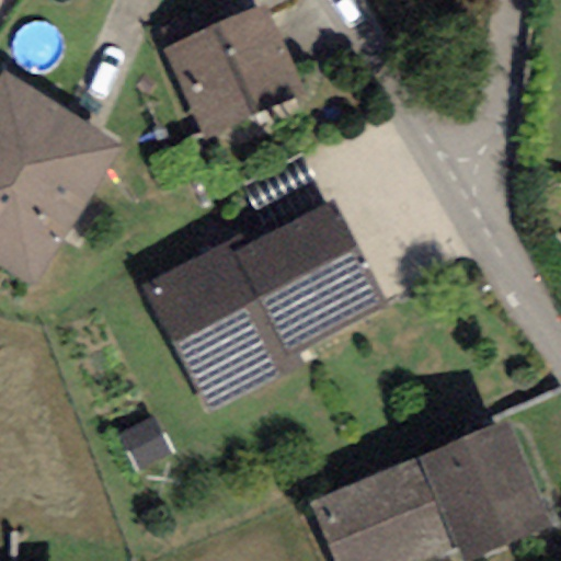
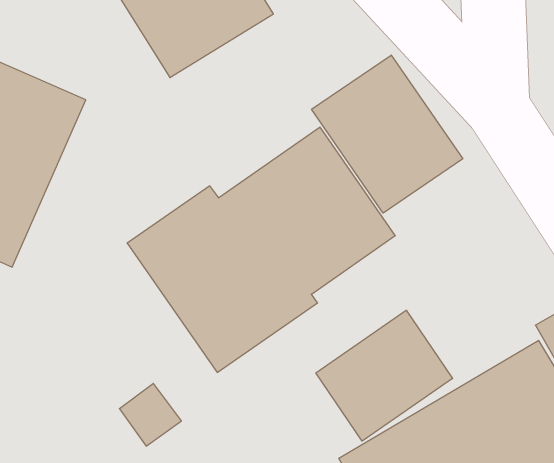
building: none -> [312,55,463,213]
building: none -> [316,310,453,441]

